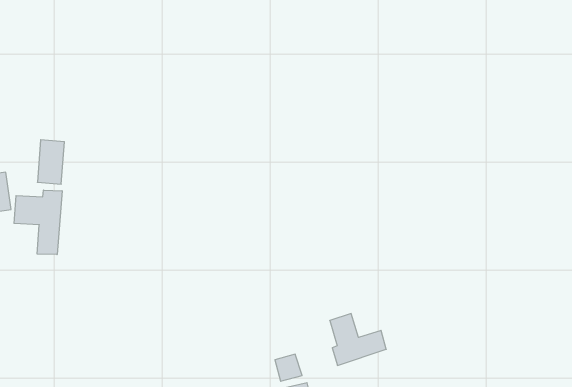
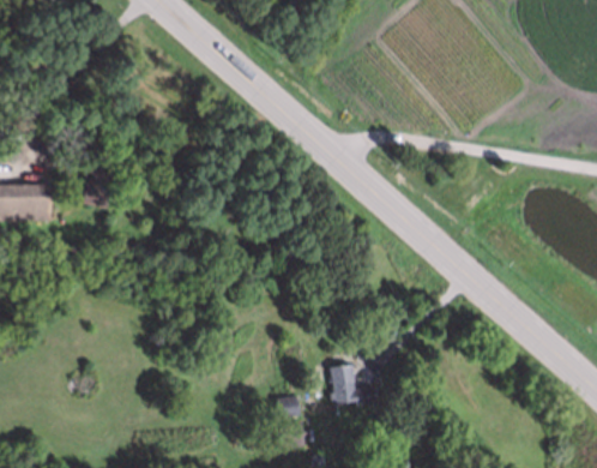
building: [14,190,62,255] -> none

